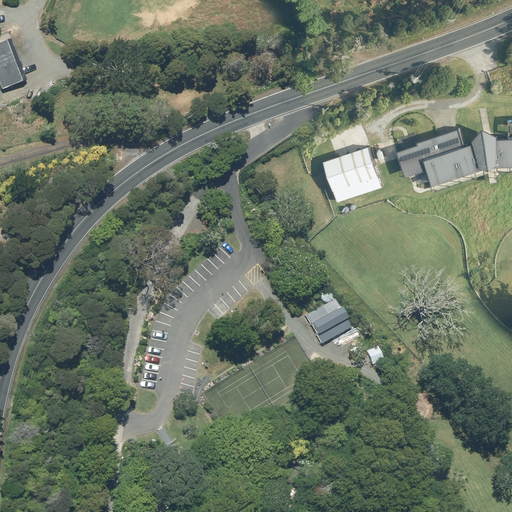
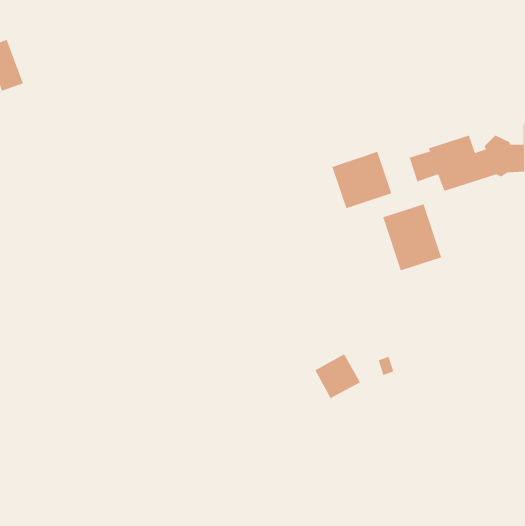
building: none -> [382,204,442,271]
building: [306,299,351,343] -> [315,354,361,399]

